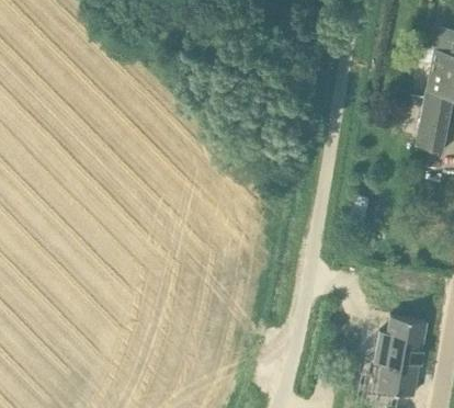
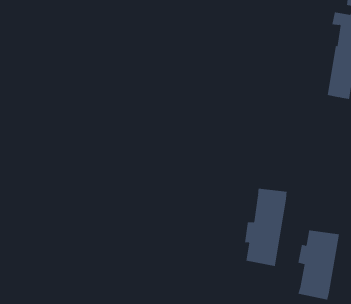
building: none -> [244,188,287,267]

